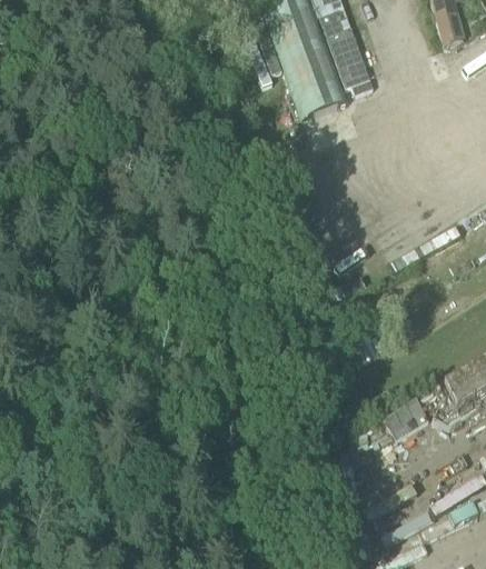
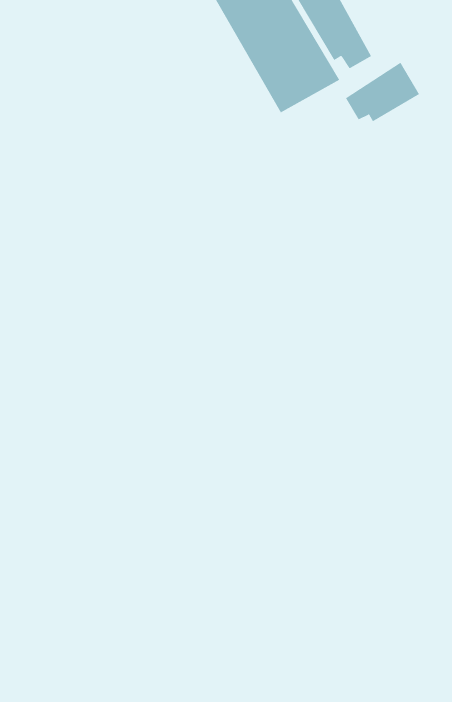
building: none -> [345,62,420,122]

